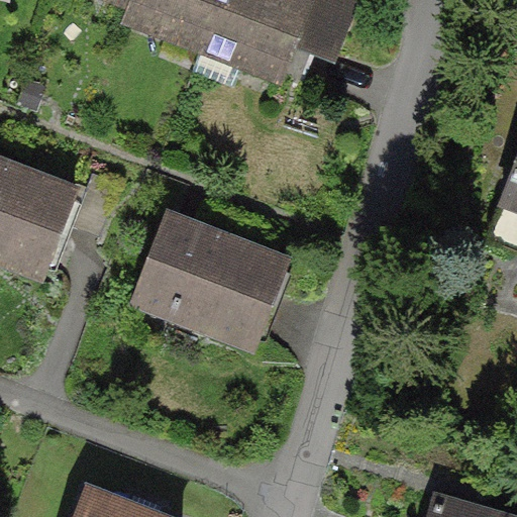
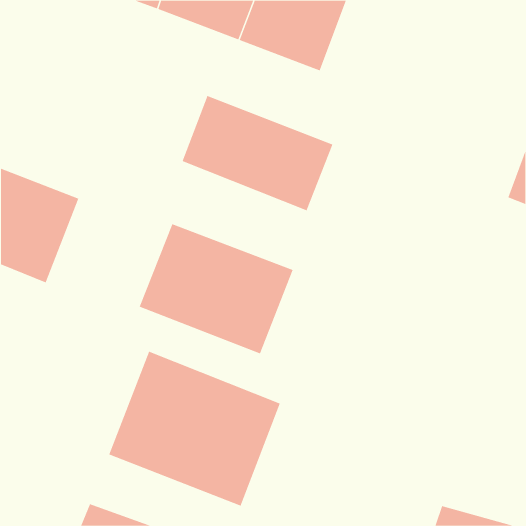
building: none -> [182,95,333,211]
building: none -> [108,351,280,506]

